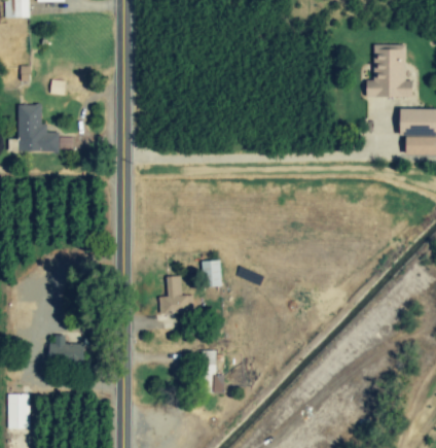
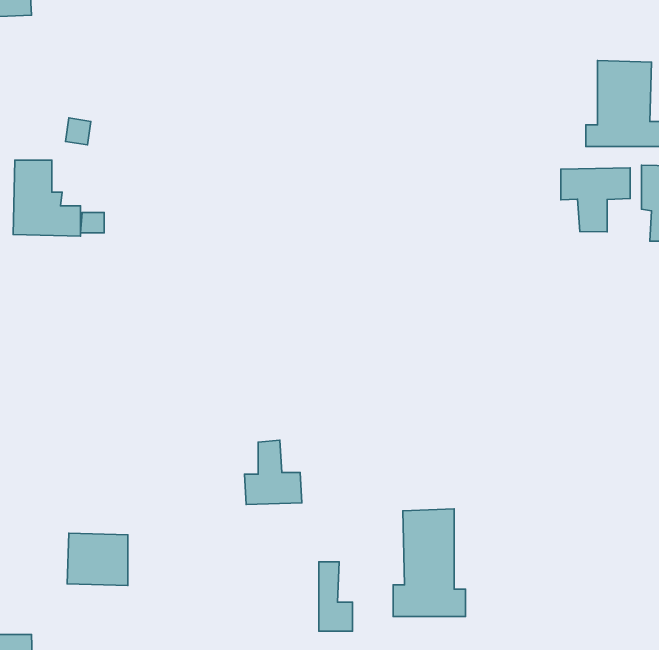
building: none -> [561,168,630,232]
building: [204,261,222,287] -> none
building: none -> [393,509,465,617]

